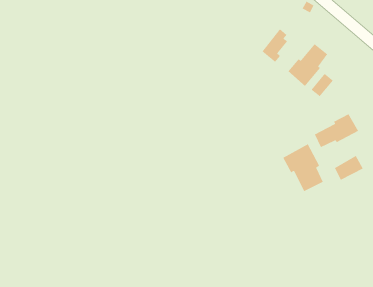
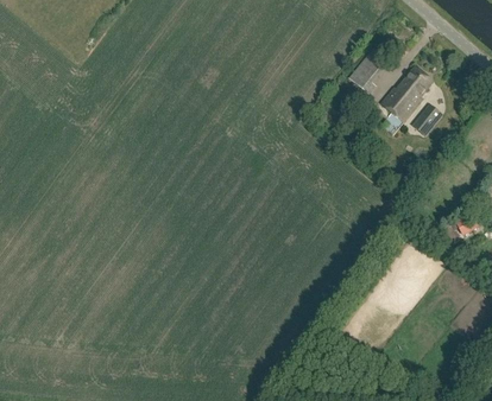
building: [314,113,359,148] -> none
building: [282,143,324,192] -> none

